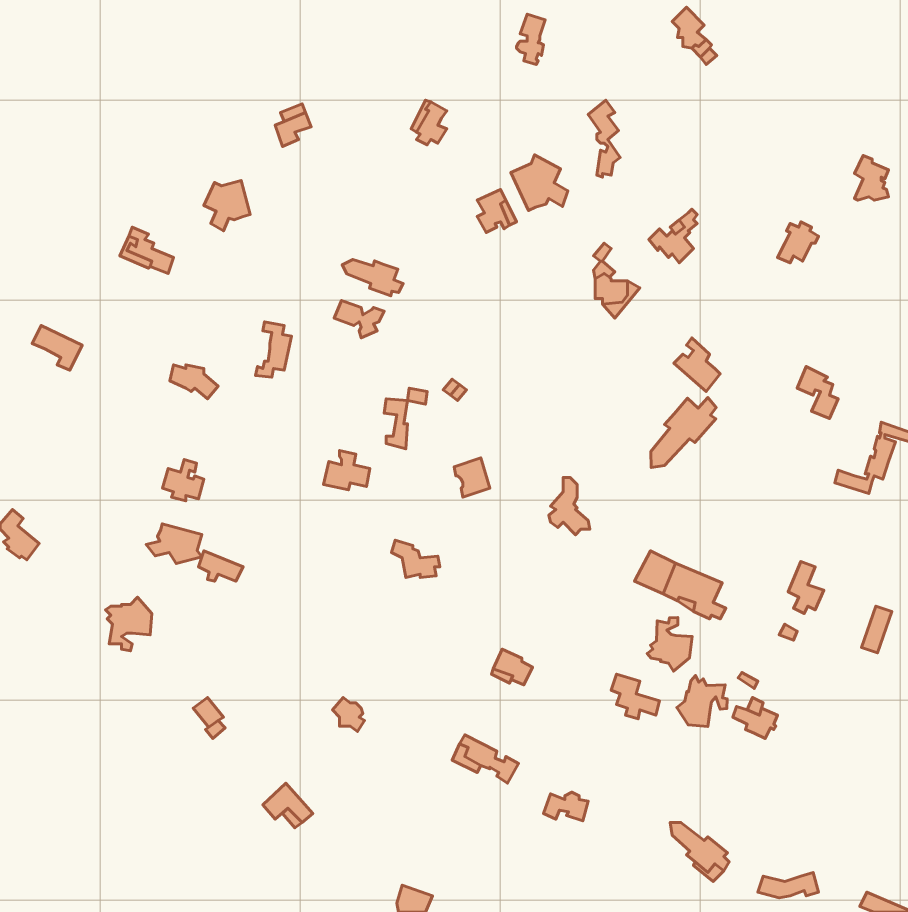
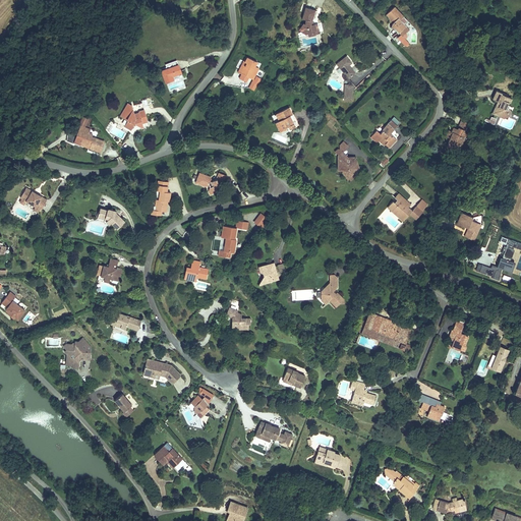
building: [511,155,568,211] -> none
building: [342,260,403,296] -> none
building: [651,397,716,467] -> none
building: [146,524,202,563] -> none
building: [647,618,692,671] -> none
building: none -> [142,360,181,385]
building: [677,676,727,727] -> none

